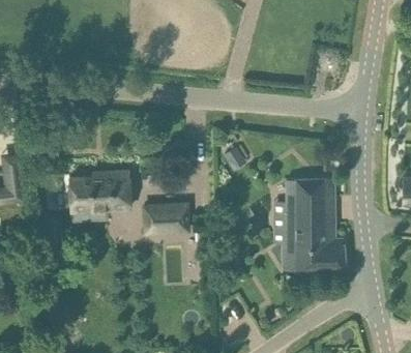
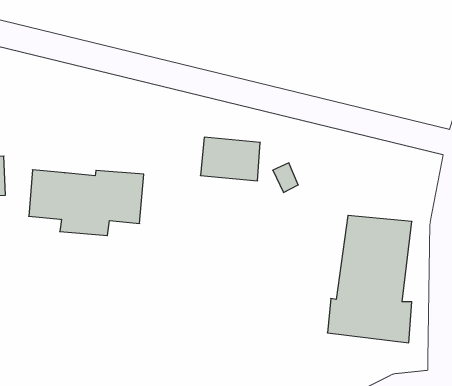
building: [144,203,188,234] -> [200,137,260,181]

